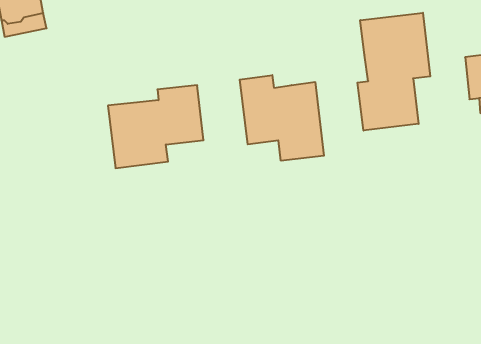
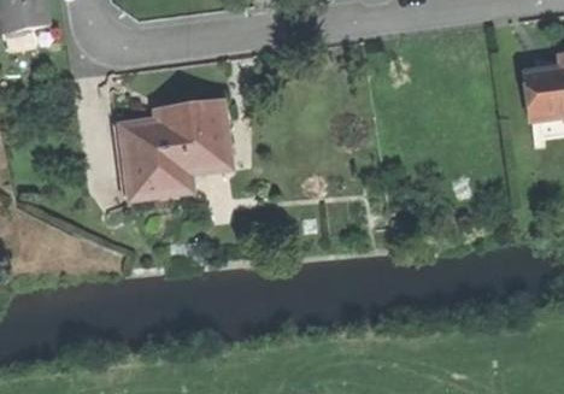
building: [357,13,430,131] -> none
building: [240,75,324,161] -> none

